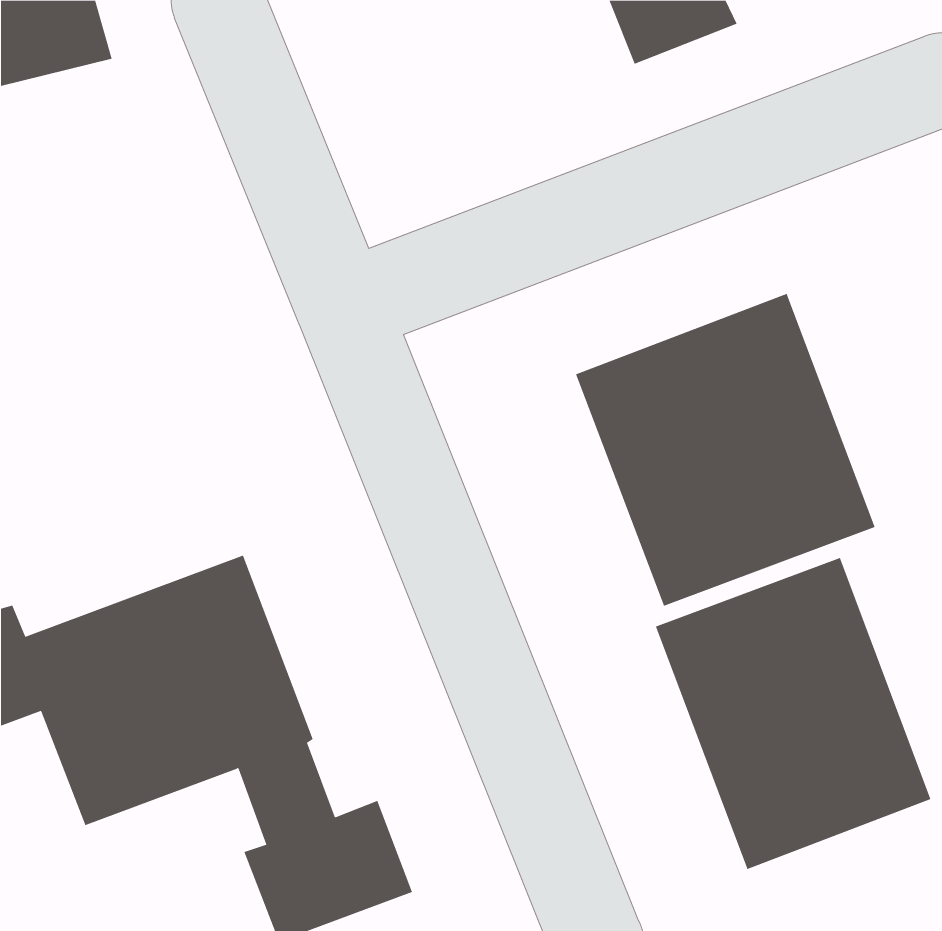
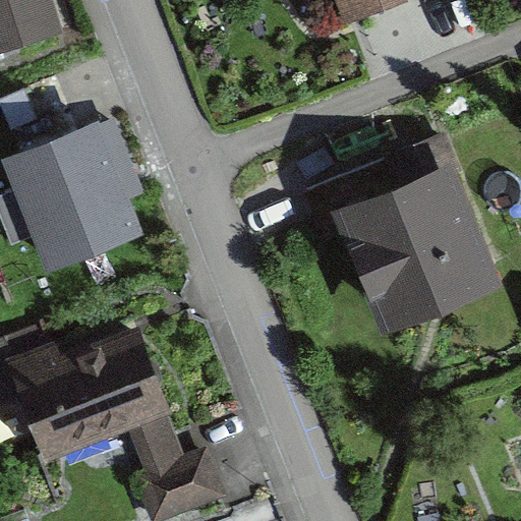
building: none -> [11,117,144,267]
building: [655,557,931,870] -> none

